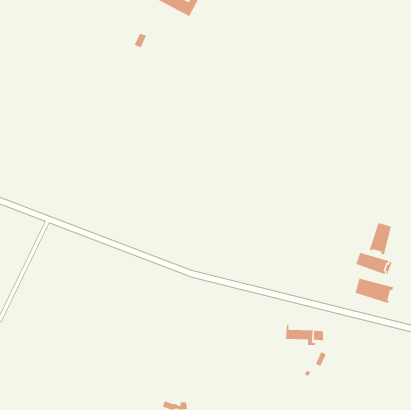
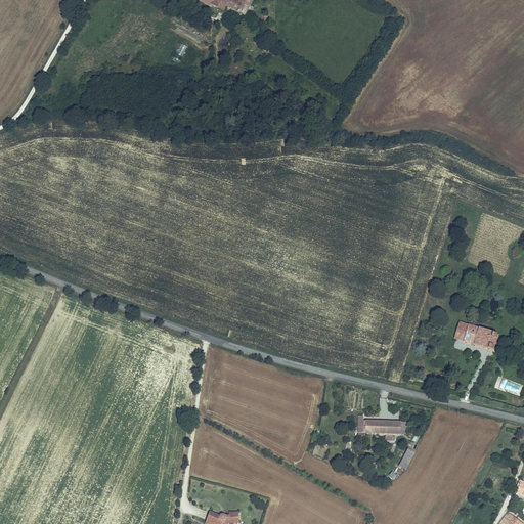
building: [369,222,392,255] -> none
building: [355,278,394,304] -> none

